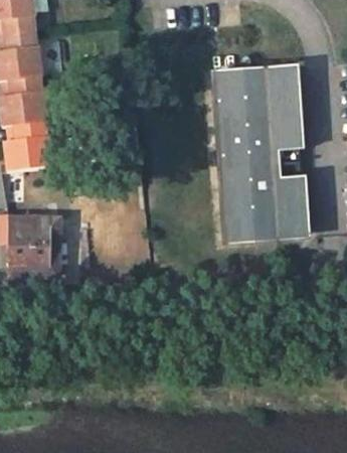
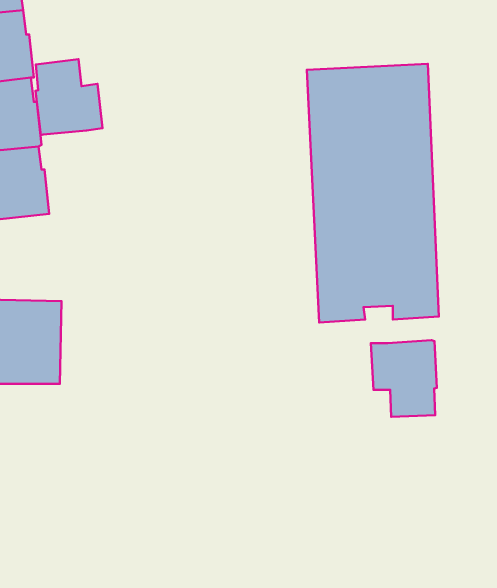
building: none -> [36,59,102,135]
building: none -> [371,340,437,417]

